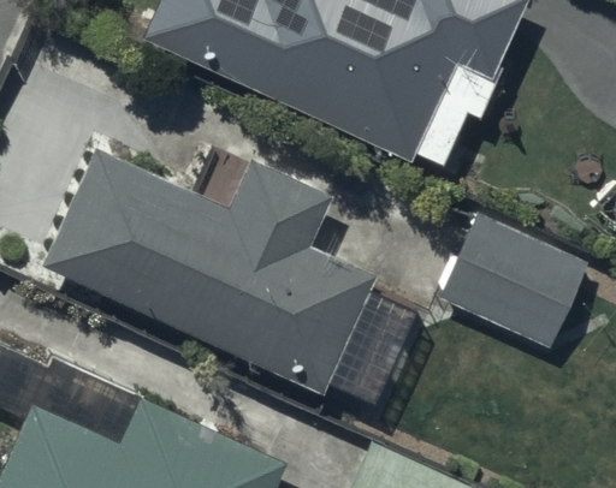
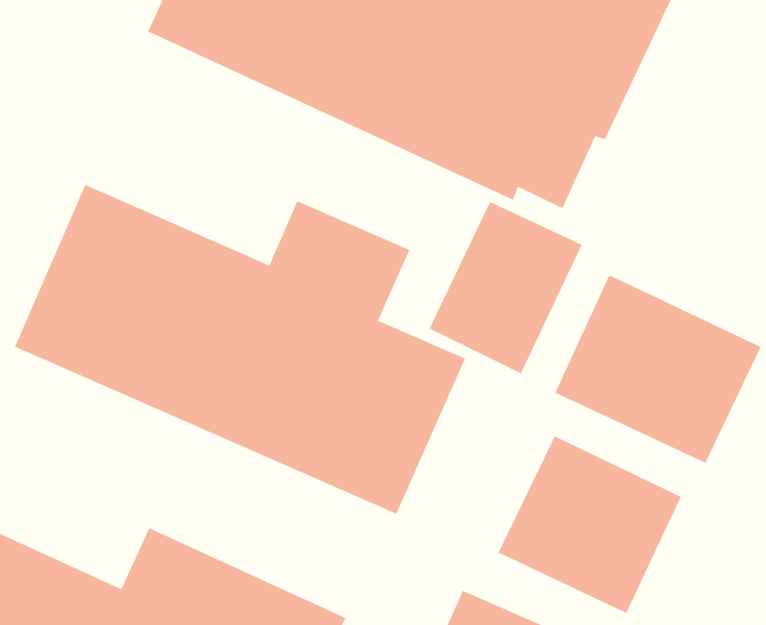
building: none -> [429,201,582,374]
building: none -> [498,436,681,614]

